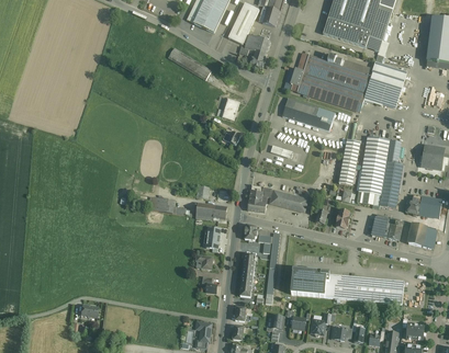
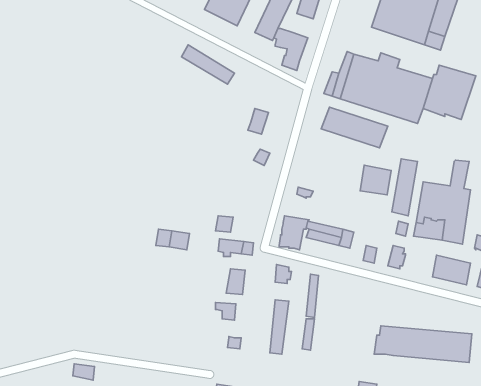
building: [364,137,390,161] -> [360,165,391,195]
building: [291,271,330,297] -> none

